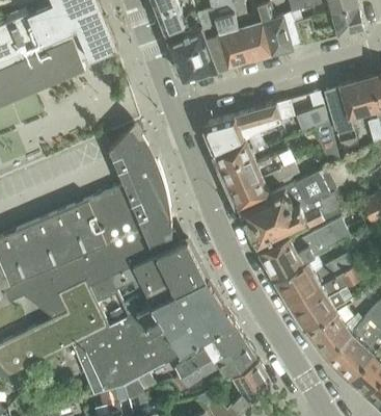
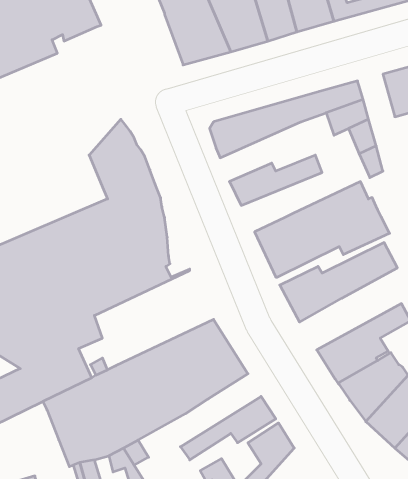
building: [323,87,352,136] -> none
building: [212,125,280,172] -> none
building: [228,164,297,211] -> none
building: [113,241,207,316] -> none
building: [274,255,354,304] -> none
building: [175,322,244,380] -> none

